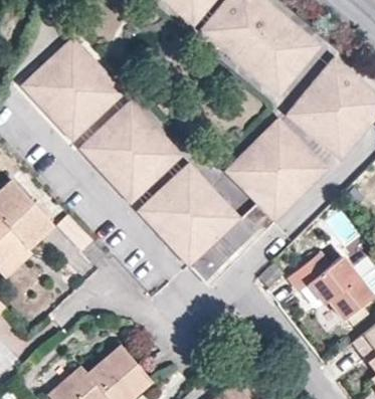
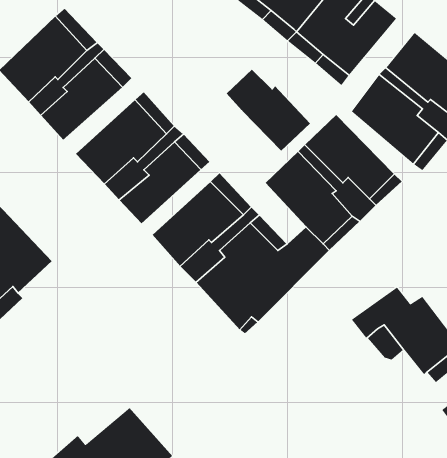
building: none -> [226,69,311,152]

